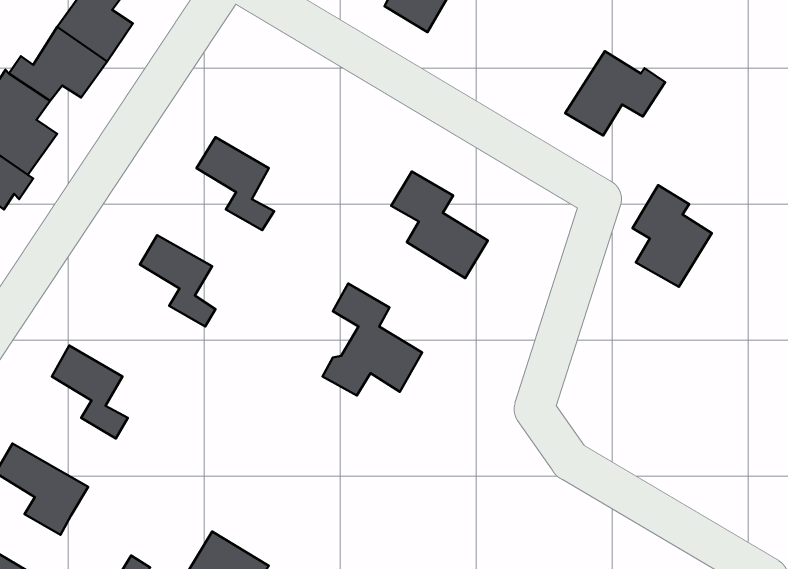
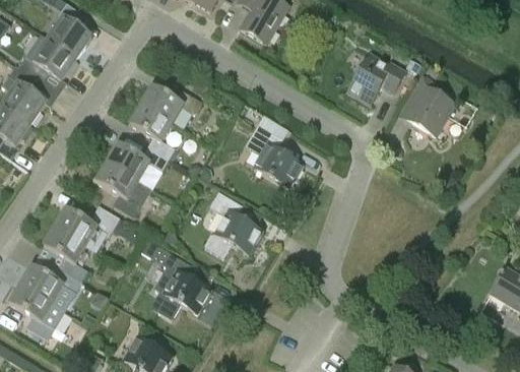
building: none -> [140,85,201,122]
building: [632,185,712,287] -> [407,74,454,134]
building: none -> [106,142,168,180]
building: none -> [54,204,144,245]
building: none -> [154,252,211,313]
building: none -> [20,265,81,310]

